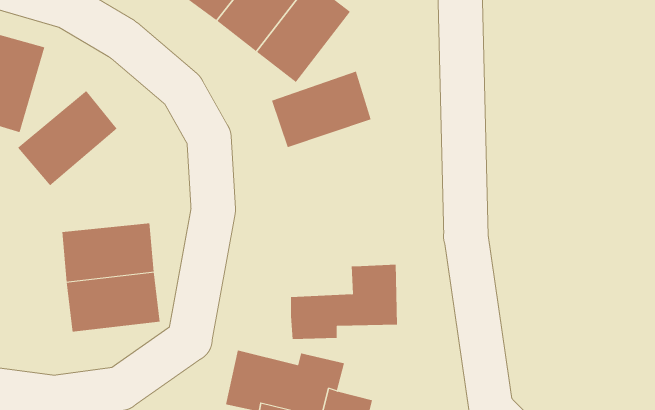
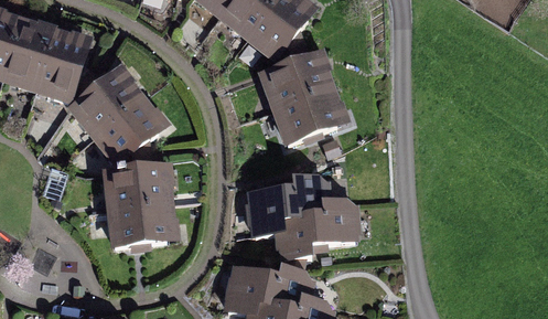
building: none -> [271,91,346,147]
building: none -> [94,97,169,169]
building: none -> [246,178,326,237]

